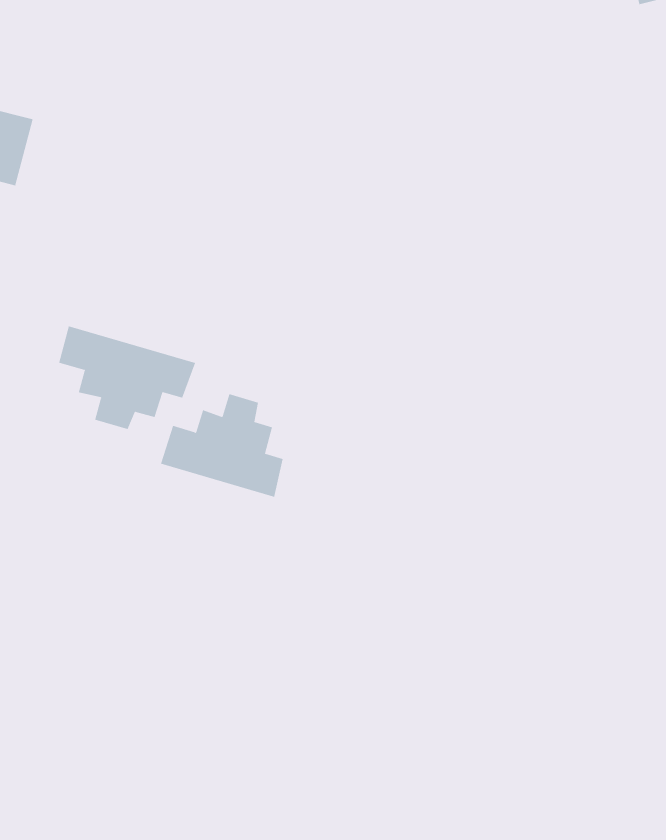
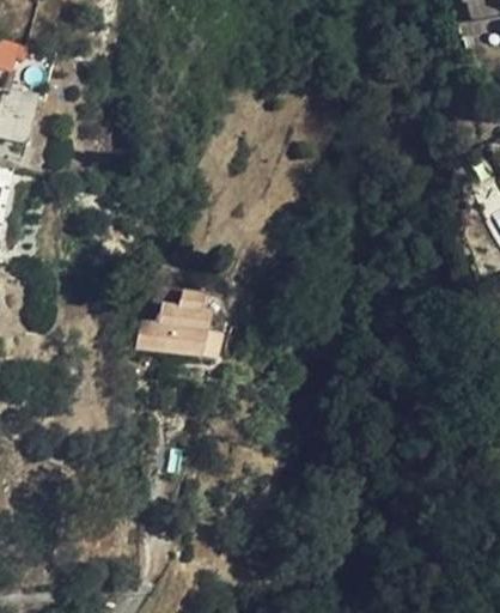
building: [59,325,196,430] -> none

